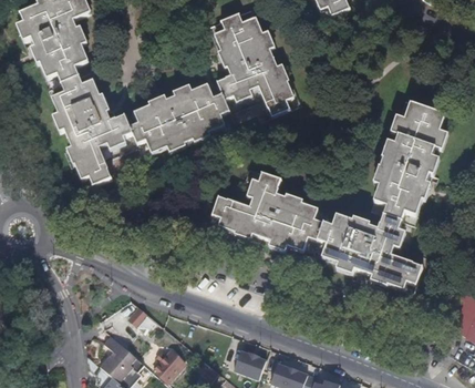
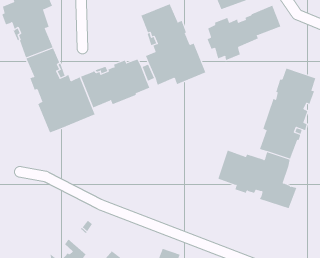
building: none -> [207,5,281,61]
building: [211,170,329,252] -> none

